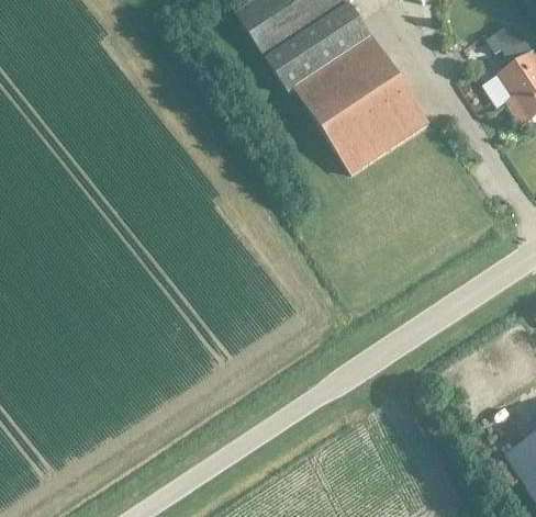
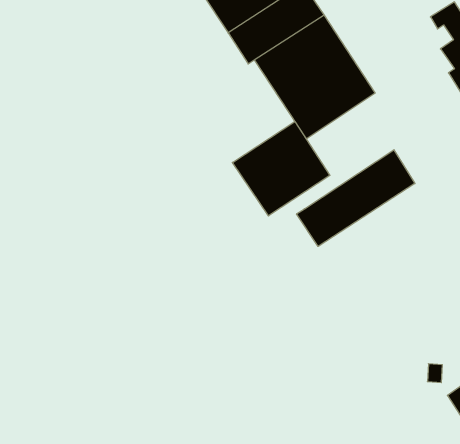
building: none -> [232,121,330,216]
building: none -> [297,150,415,246]

